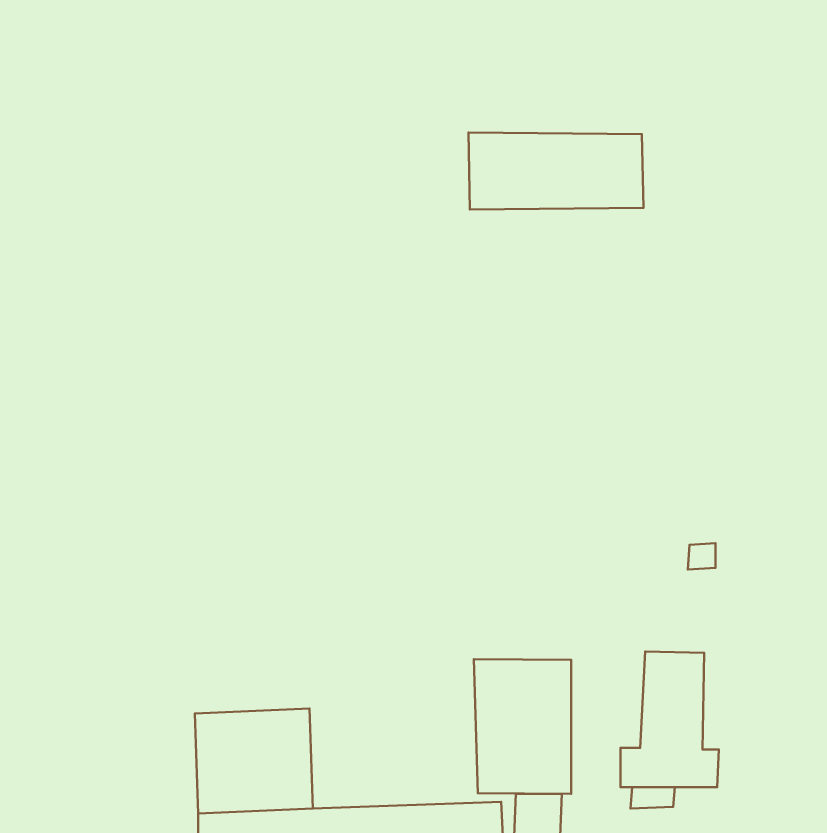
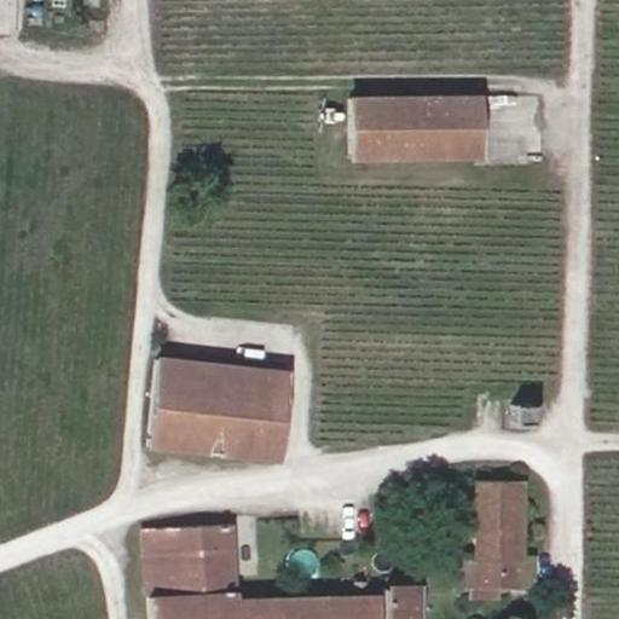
building: none -> [152,359,290,457]
building: [474,659,571,794] -> none

